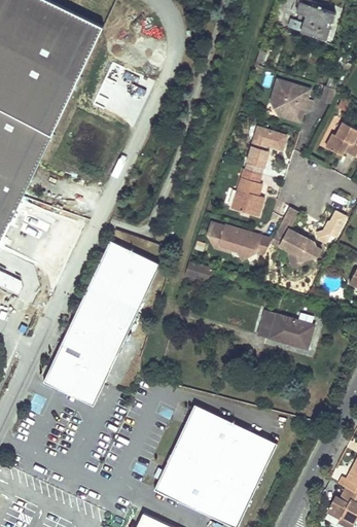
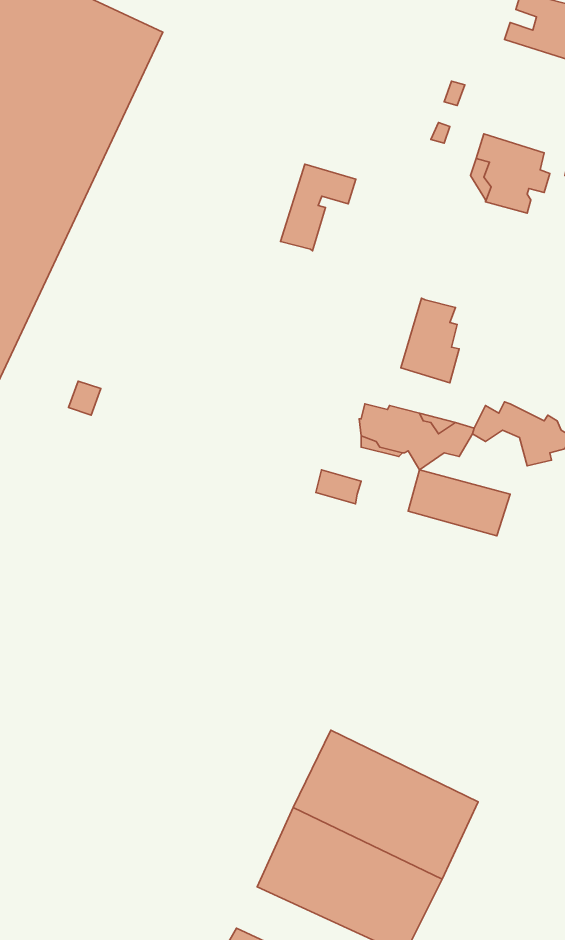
building: [245,128,286,175] -> [280,164,356,251]
building: [42,241,159,406] -> none
building: [258,312,314,348] -> [408,470,510,536]

